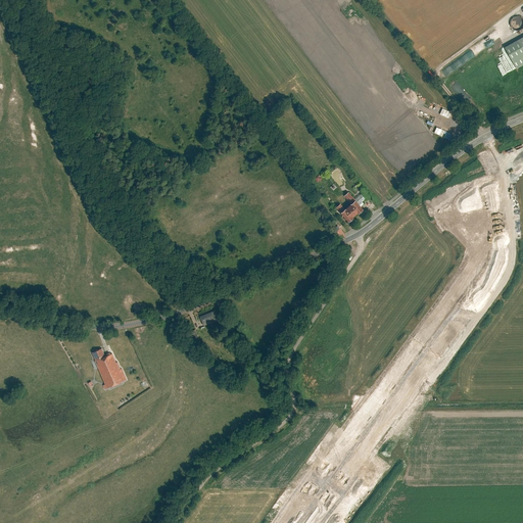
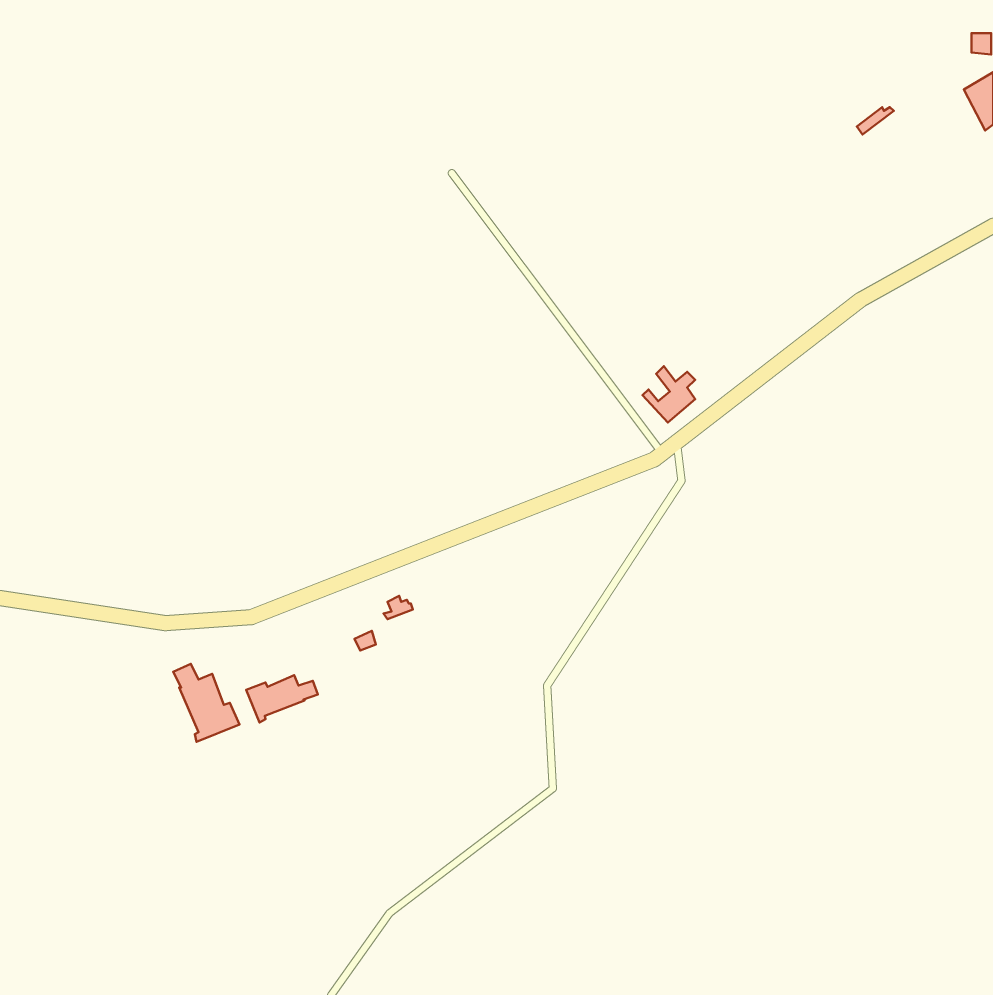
building: none -> [246,675,318,723]

